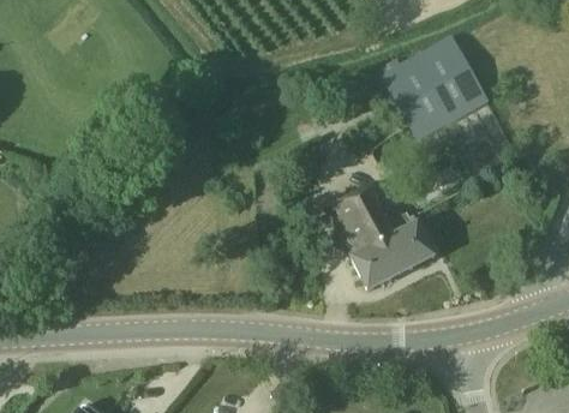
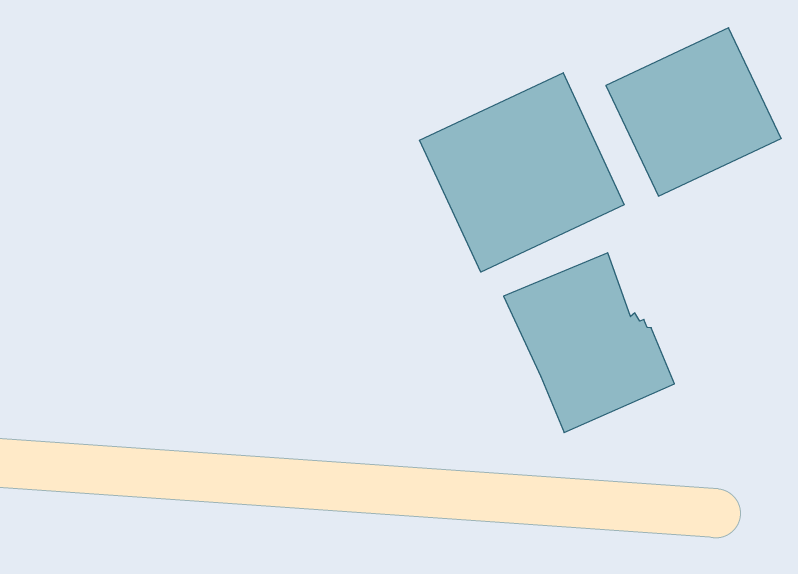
building: none -> [420,73,624,272]

